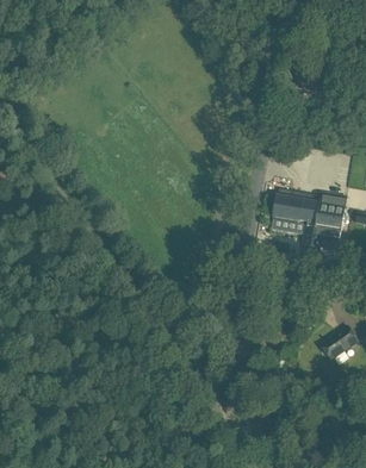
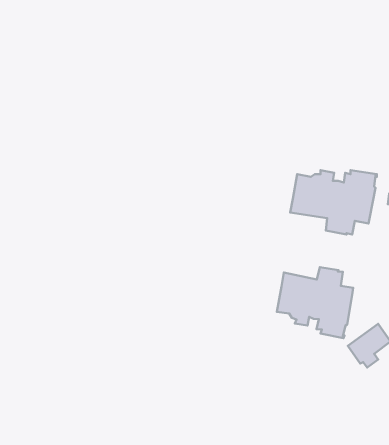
building: none -> [277,267,353,338]

